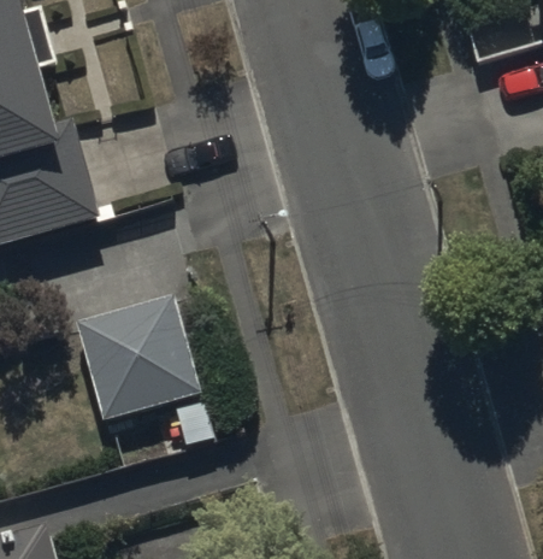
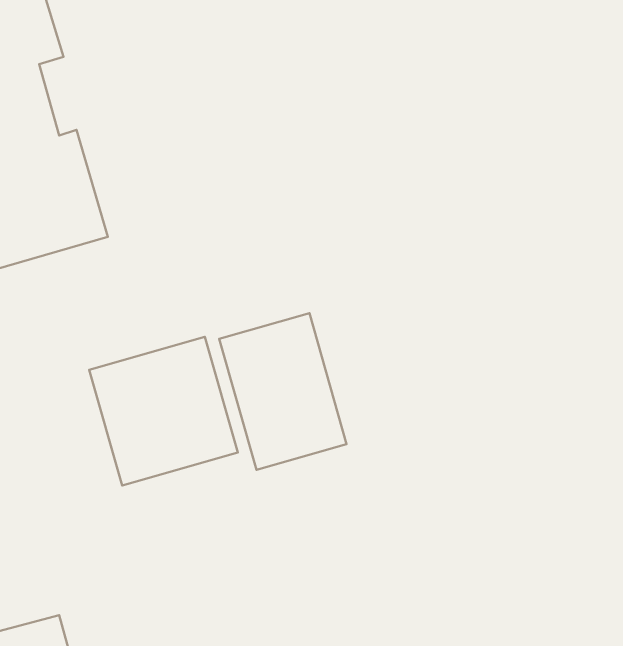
building: none -> [219,313,347,470]

